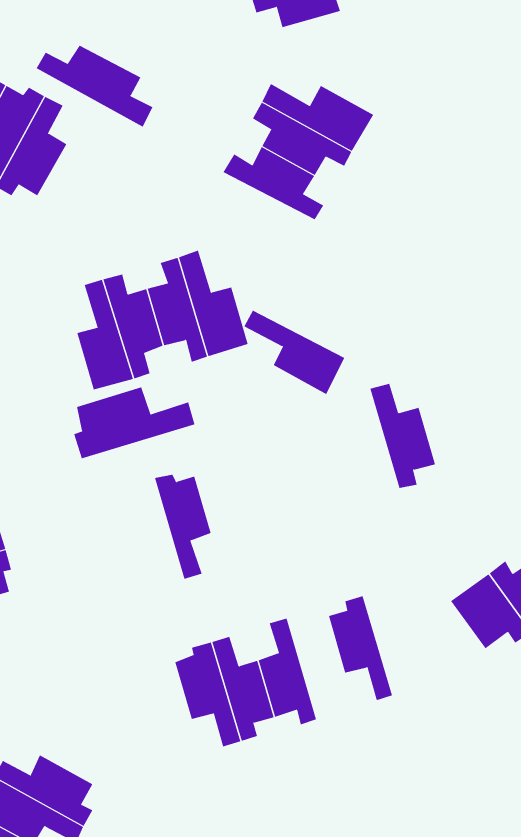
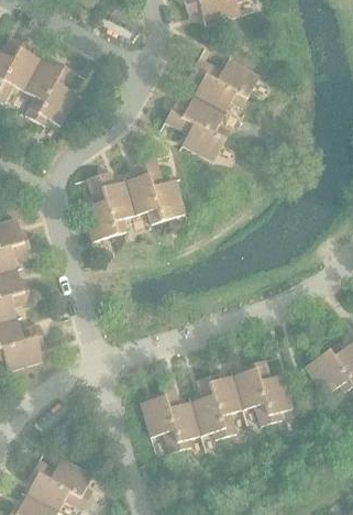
building: [36,45,153,128] -> none
building: [243,310,345,395] -> [164,111,224,162]
building: [369,383,436,489] -> [253,360,293,423]
building: [73,387,195,459] -> none
building: [154,474,212,580] -> [208,374,242,437]

